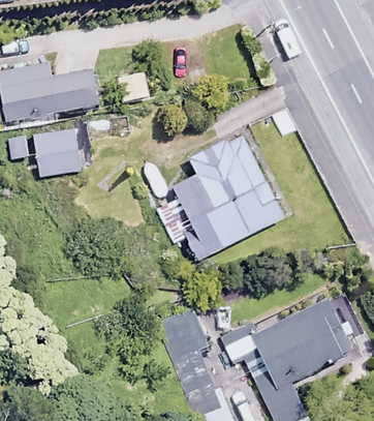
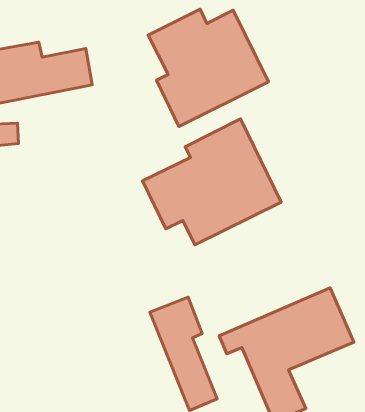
building: none -> [148,9,269,127]
building: [33,126,82,177] -> none

